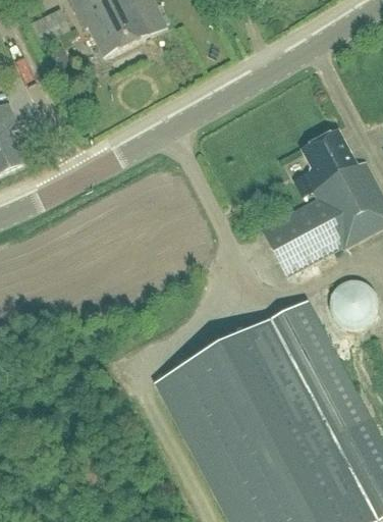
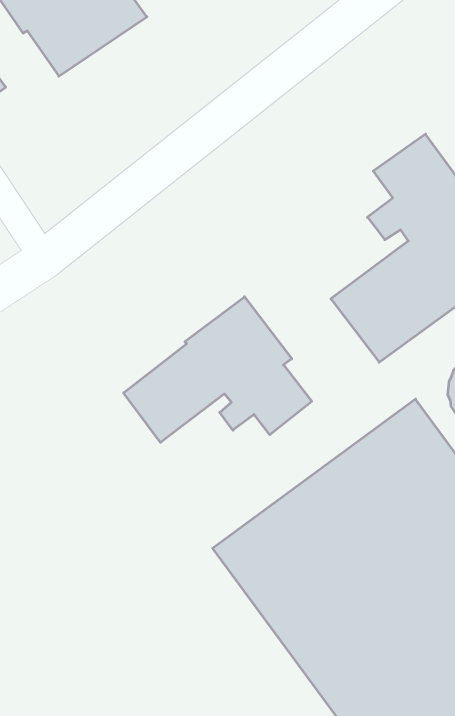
building: none -> [124,297,312,442]

